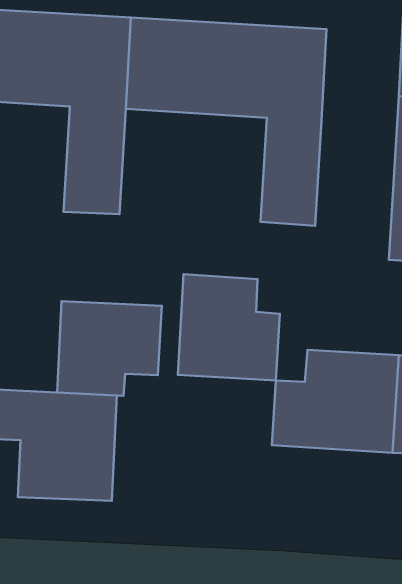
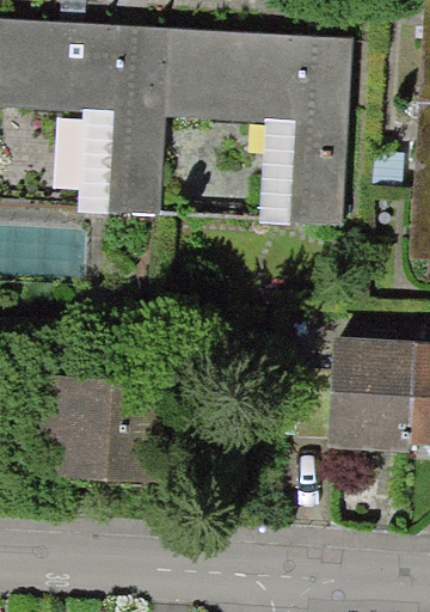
building: [178,274,280,380] -> none
building: [57,301,162,396] -> none

